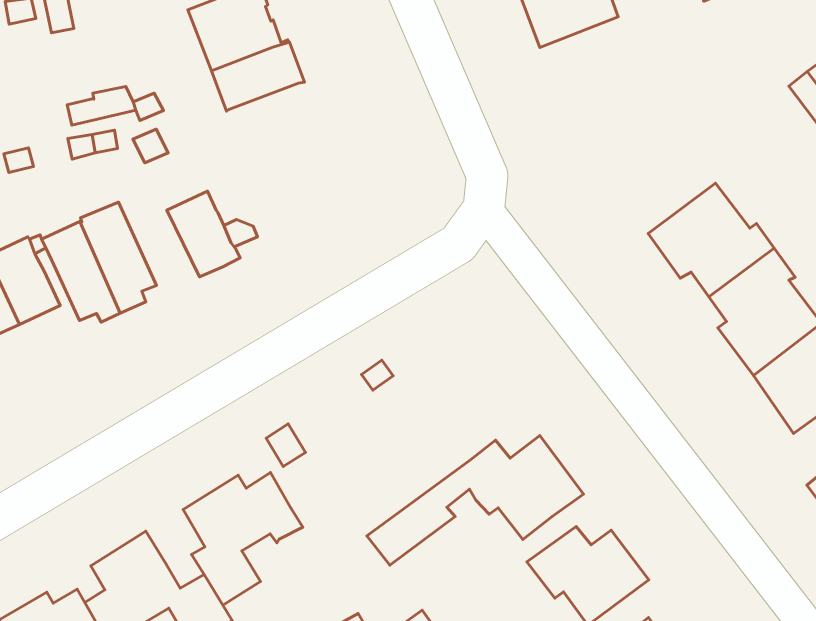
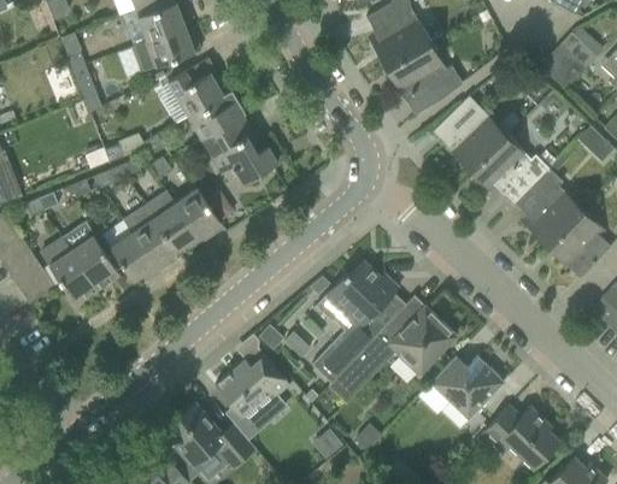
building: none -> [386,42,462,114]
building: none -> [202,114,277,183]
building: none -> [433,95,521,171]
building: none -> [145,191,201,252]
building: none -> [311,260,395,382]

